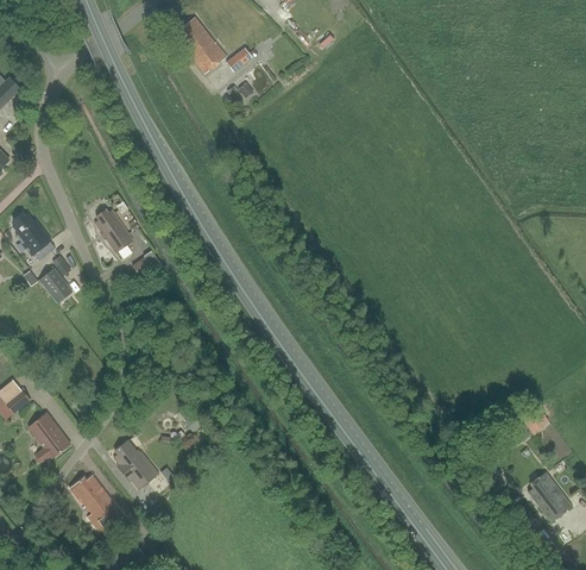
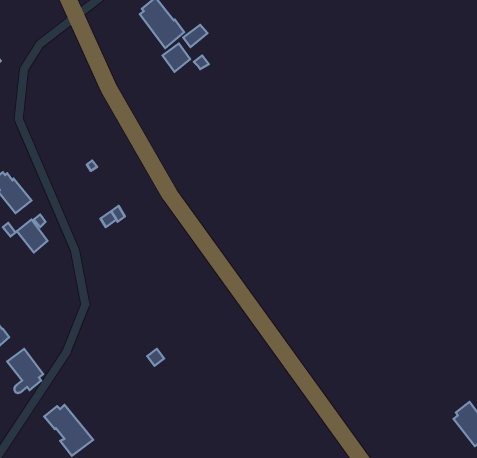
building: none -> [162,44,190,72]
building: [94,208,133,252] -> none
building: [113,440,168,494] -> none

